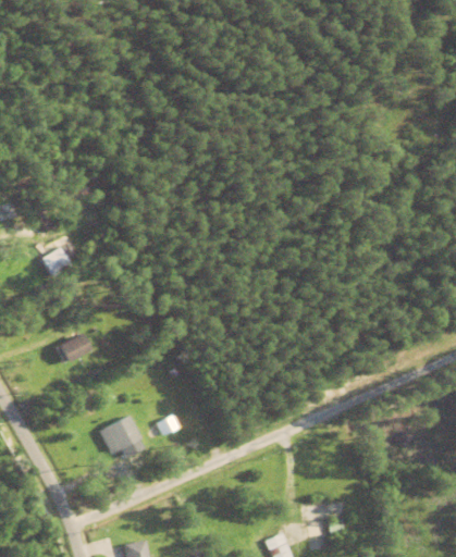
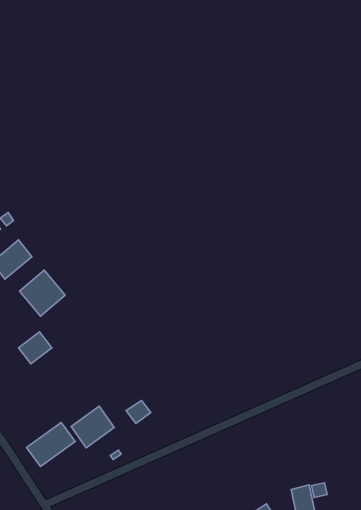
building: none -> [20,270,65,316]
building: none -> [26,422,75,467]

